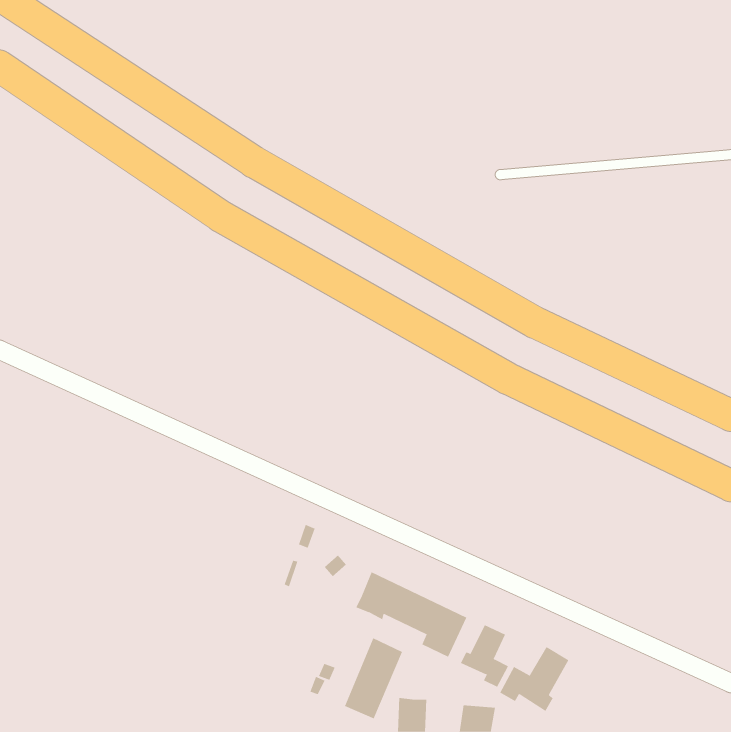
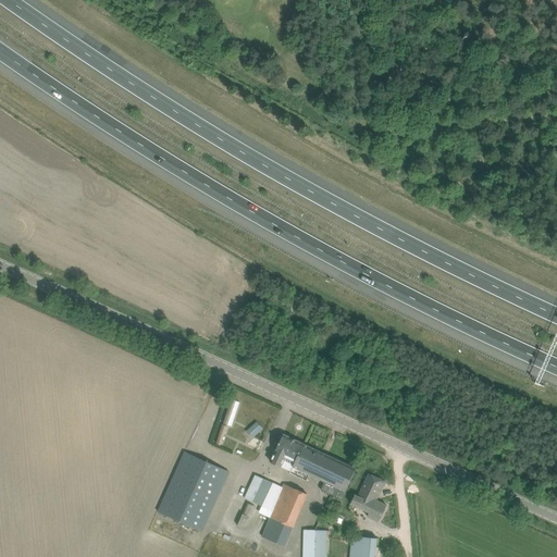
building: none -> [159,451,228,531]
building: none -> [244,475,272,506]
building: [500,646,569,712] -> none

